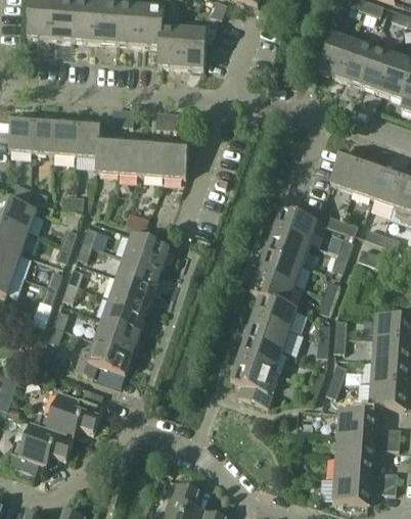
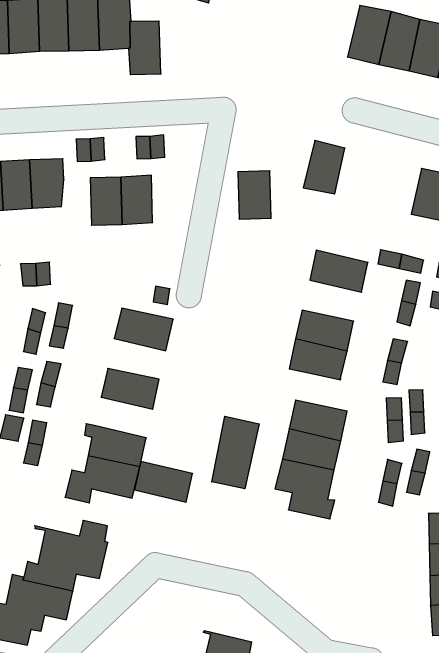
building: [181,29,207,68] -> none
building: [96,137,121,173] -> none
building: [163,141,189,178] -> [238,171,271,219]
building: [330,150,364,191] -> [303,140,345,194]
building: [265,231,310,265] -> none
building: [118,257,162,291] -> none
building: [253,297,298,330] -> none
building: [103,299,147,333] -> [134,461,193,502]
building: none -> [212,416,259,489]

